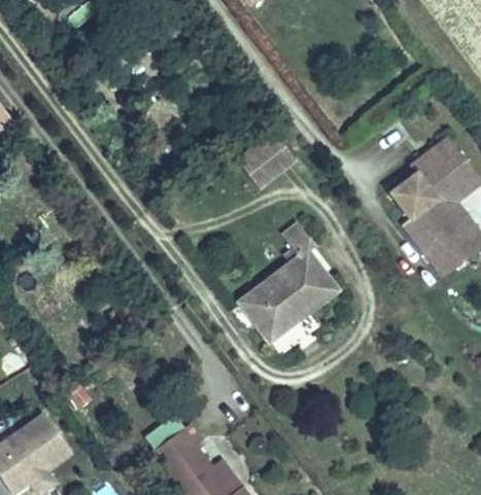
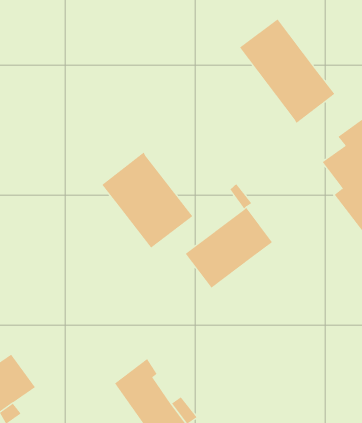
building: none -> [239,19,335,124]
building: none -> [101,152,193,248]

